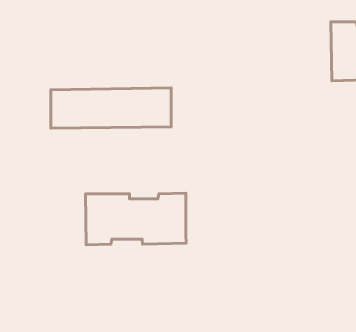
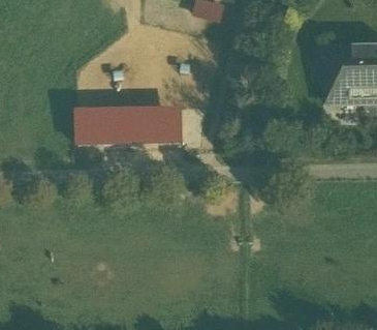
building: [86,193,186,245] -> none

